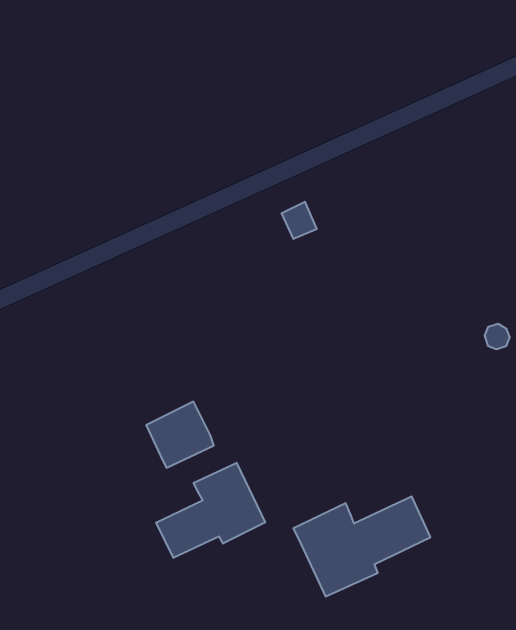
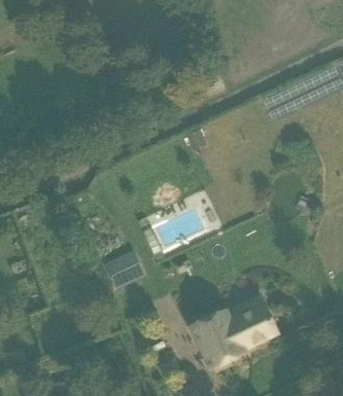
building: [156,463,265,558] -> none

